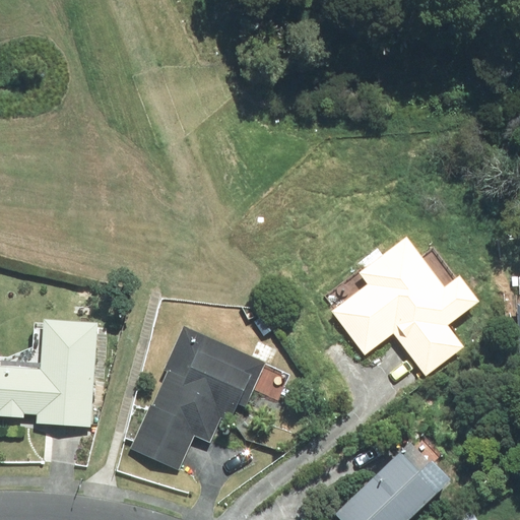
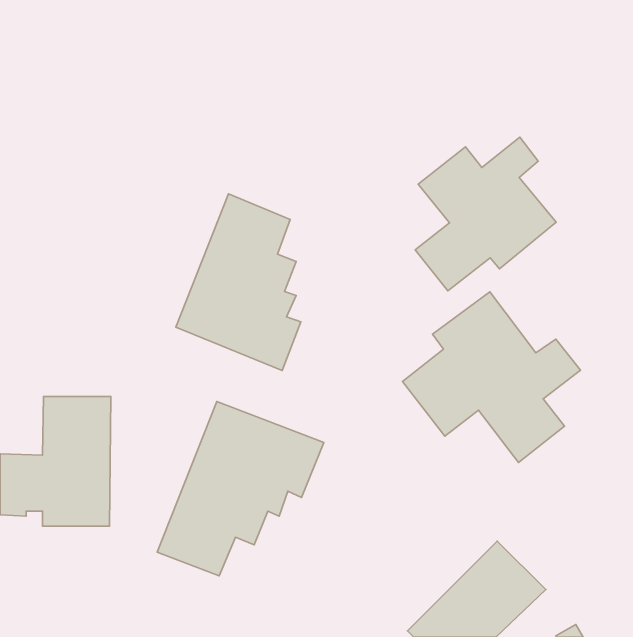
building: none -> [415,137,556,291]
building: none -> [176,194,301,371]

